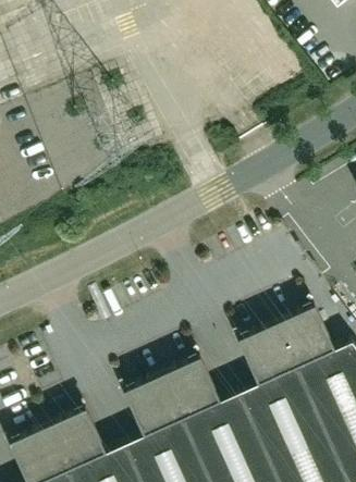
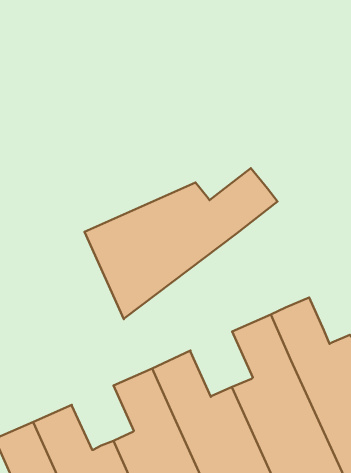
building: none -> [84,168,277,319]

